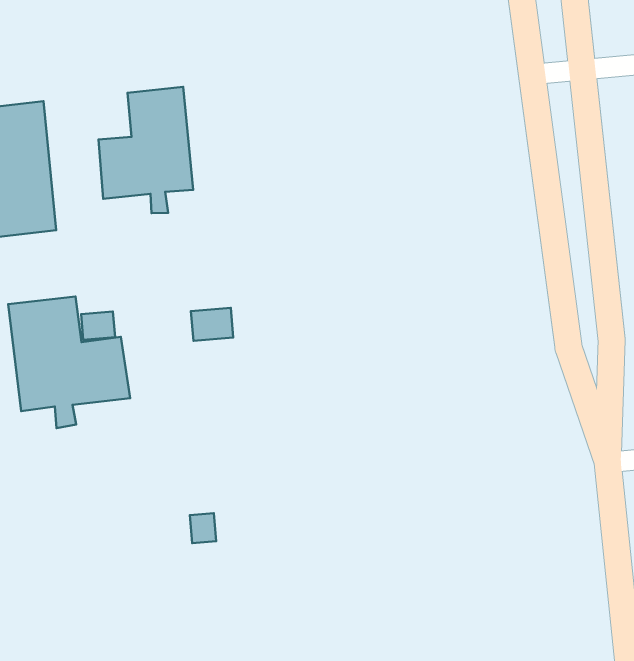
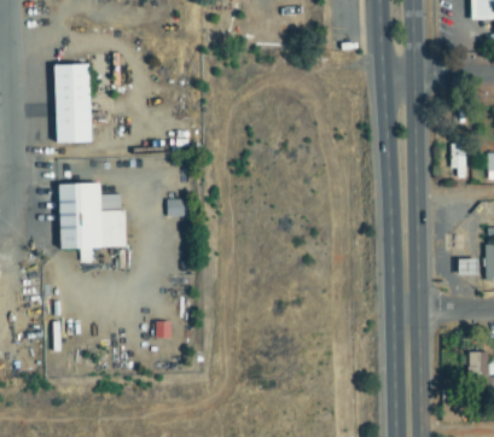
building: [99,87,193,213] -> none

